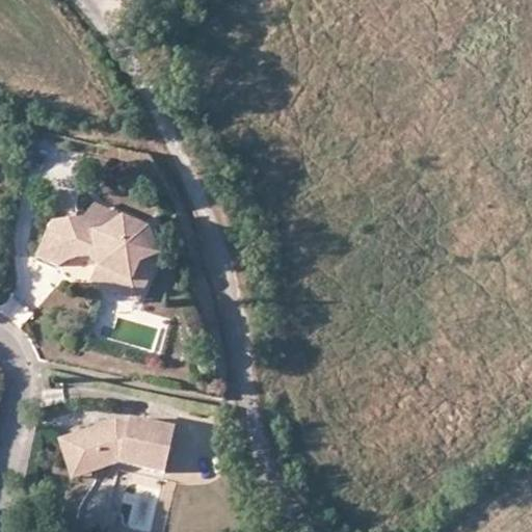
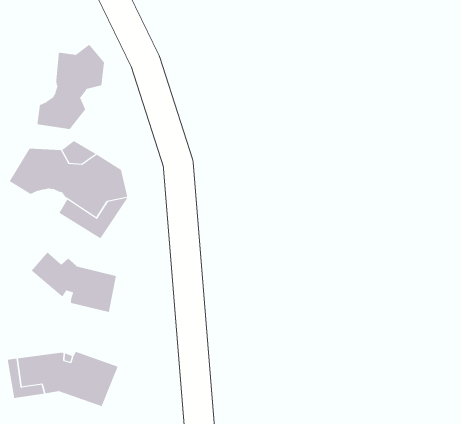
building: none -> [37,44,105,130]
building: none -> [31,251,117,313]

